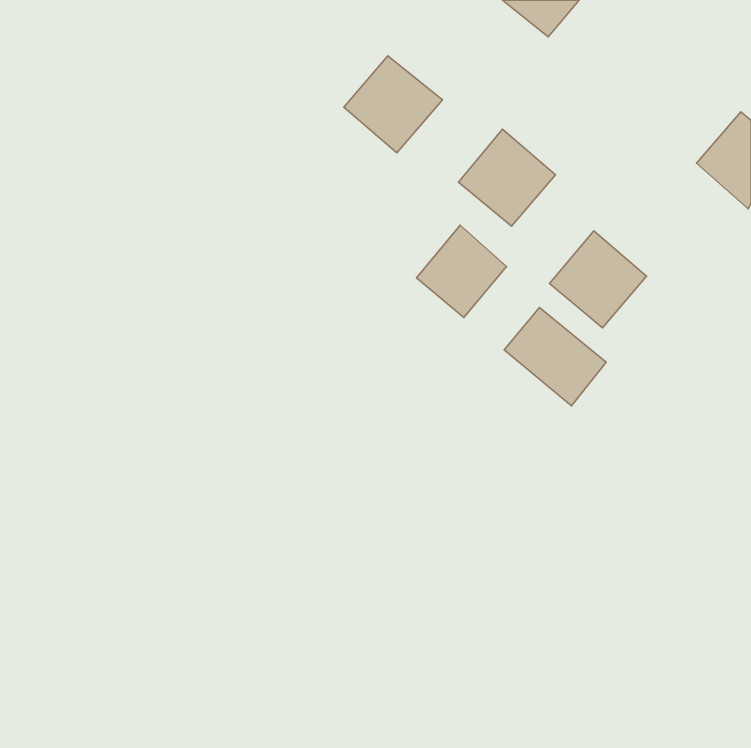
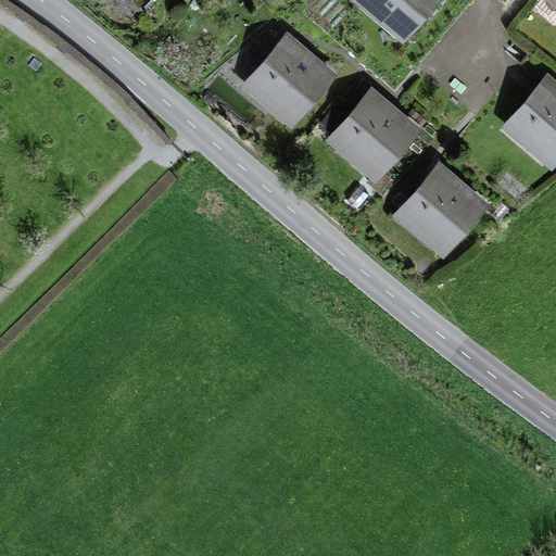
building: [416,225,507,317] -> none
building: [504,308,606,406] -> none

